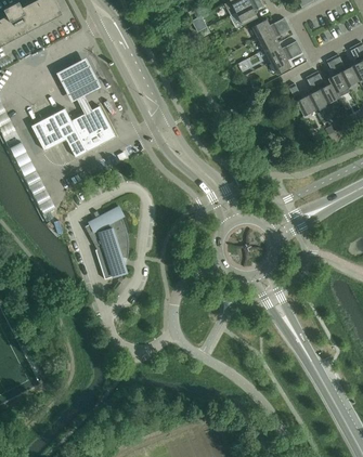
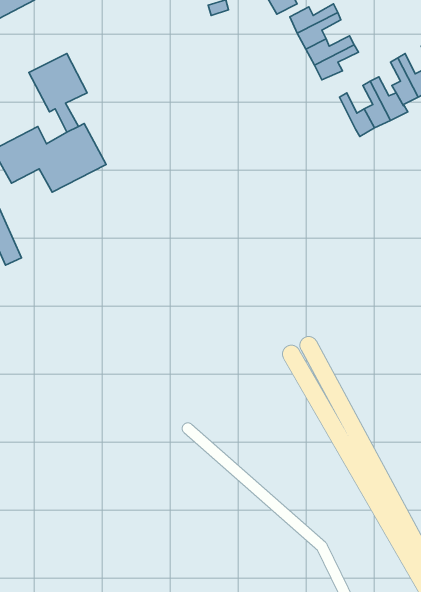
building: [85,207,128,277] -> none

